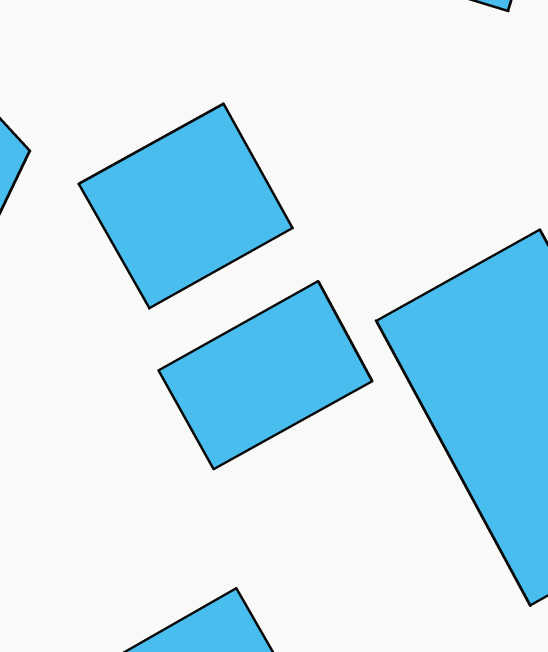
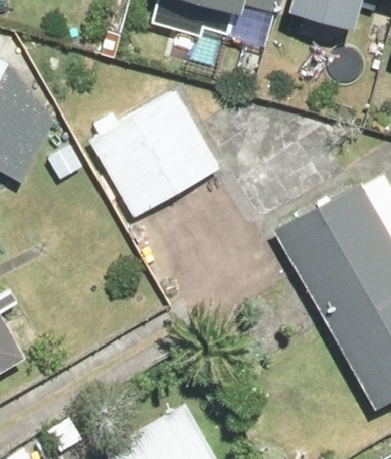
building: [159,281,372,469] -> none

